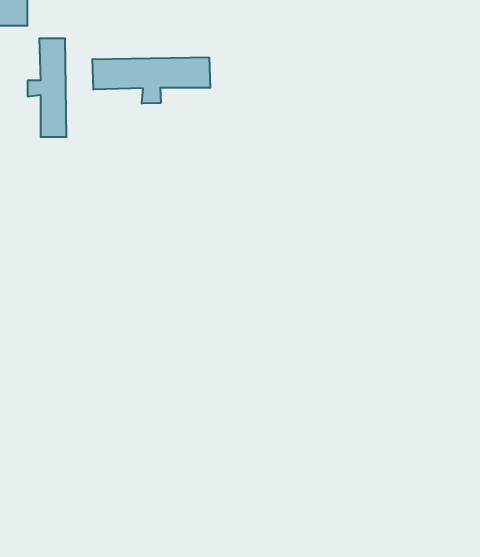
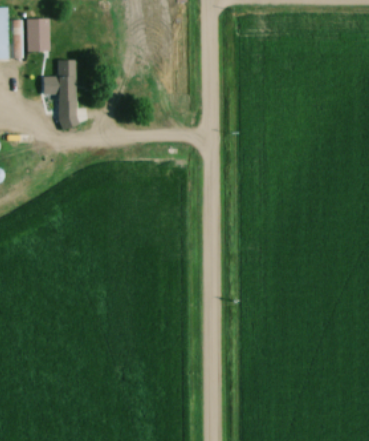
building: [92,57,210,104] -> none

